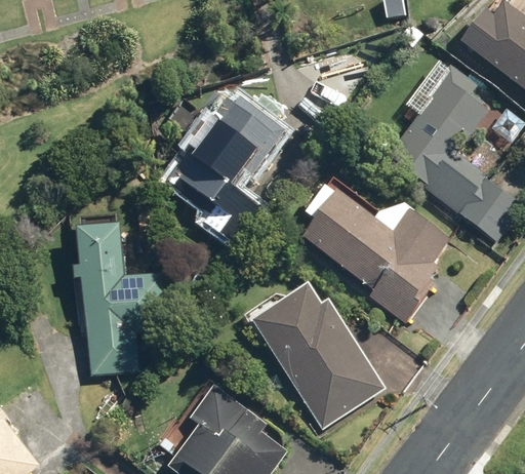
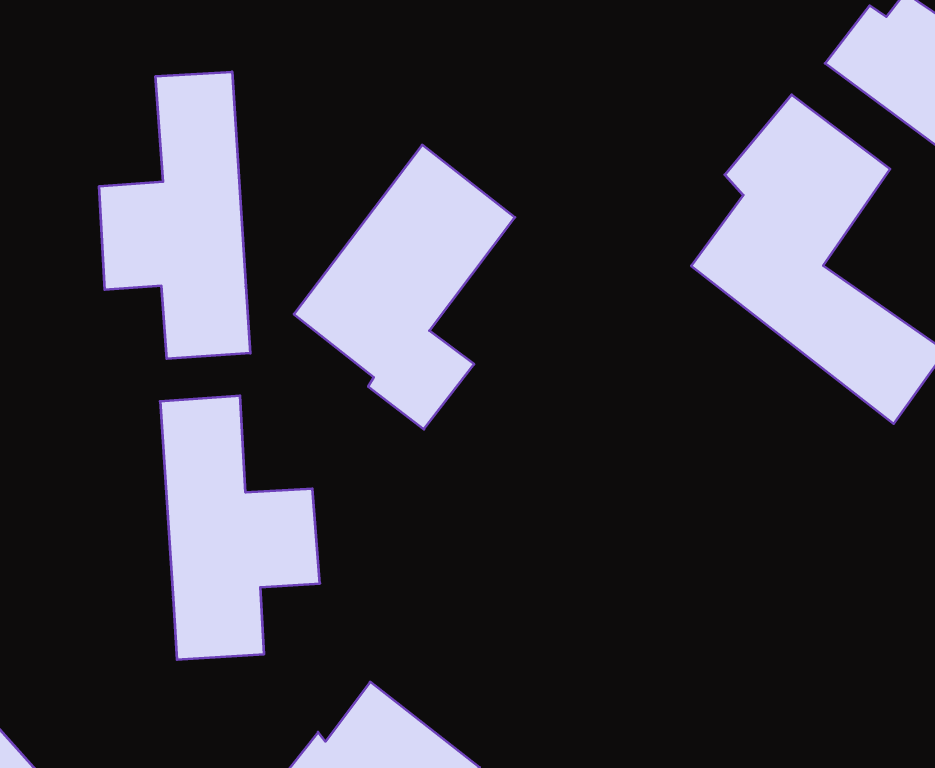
building: none -> [99,72,250,359]
building: [293,194,447,326] -> none
building: [251,283,382,426] -> none

